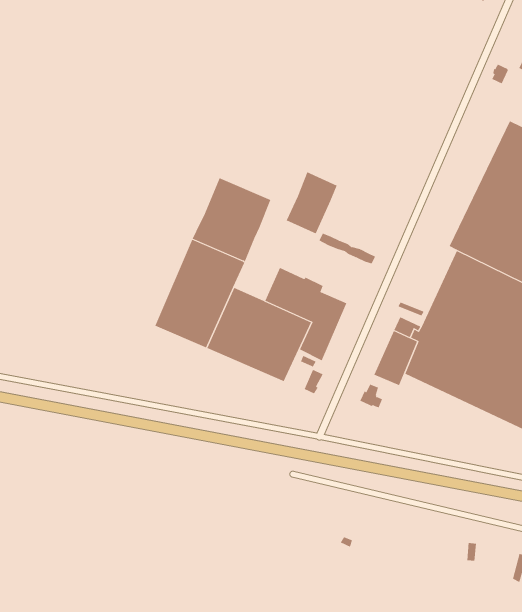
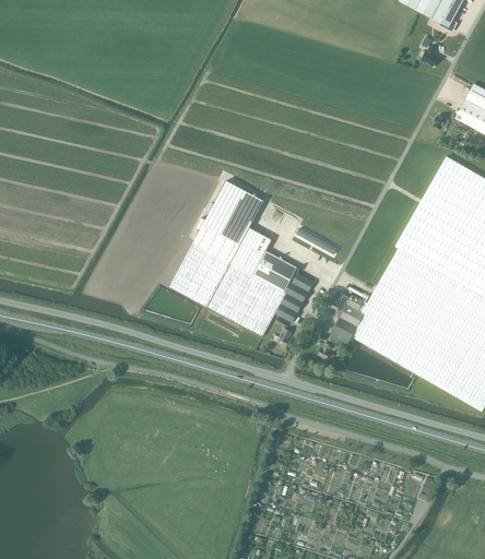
building: [286,172,337,234] -> [230,227,271,274]

